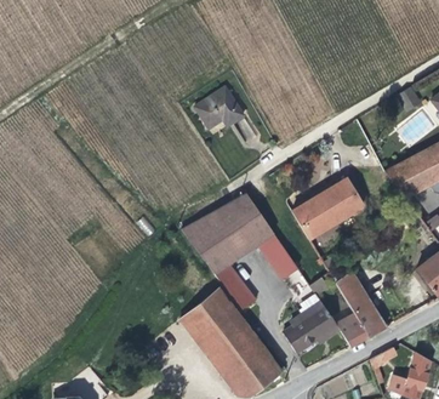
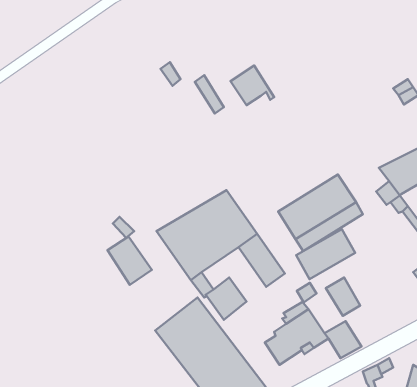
building: [194,92,234,129] -> [230,65,274,105]
building: none -> [296,229,355,279]
building: none -> [107,236,152,285]
building: [352,297,386,335] -> none

